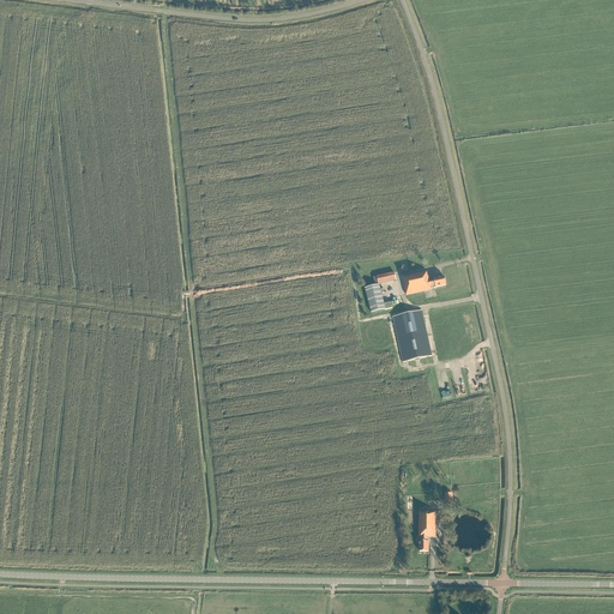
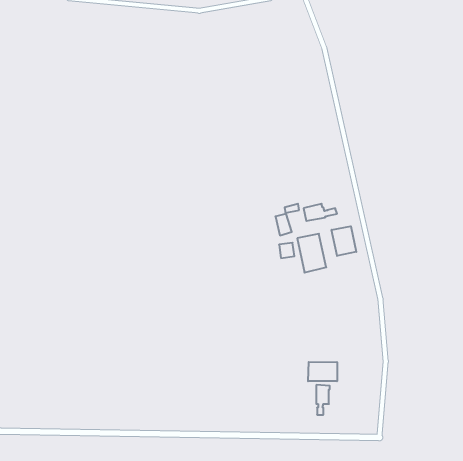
building: none -> [332,226,356,256]
building: none -> [308,362,337,381]

